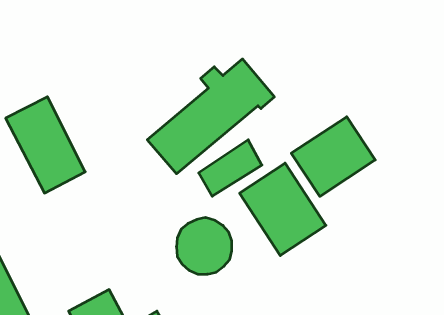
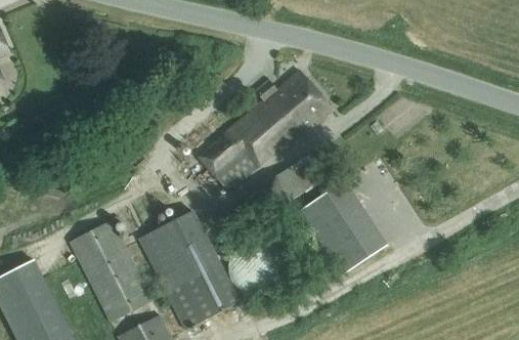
building: [6,97,85,193] -> [69,220,153,322]
building: [291,117,375,196] -> none
building: none -> [140,210,240,328]

